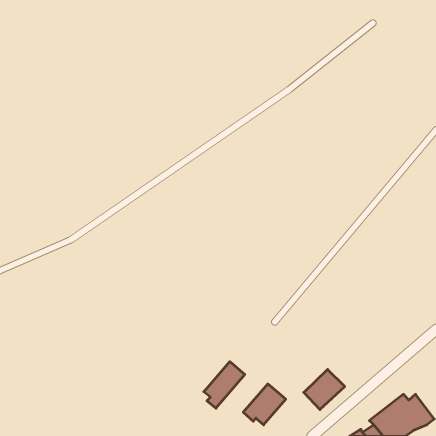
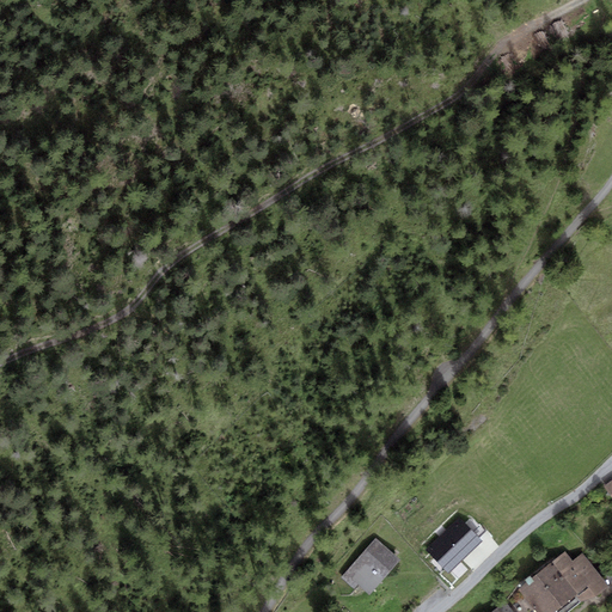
building: [204,362,245,408] -> none

